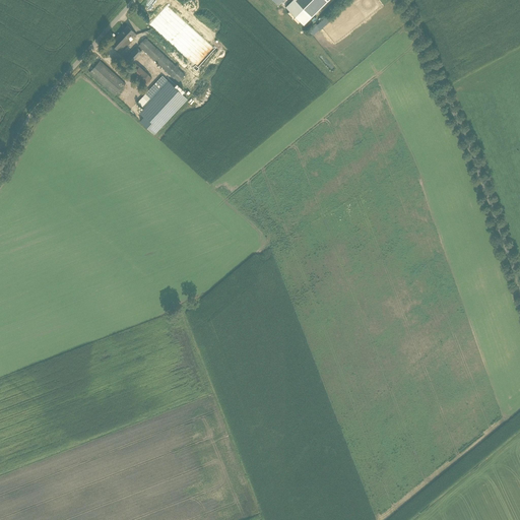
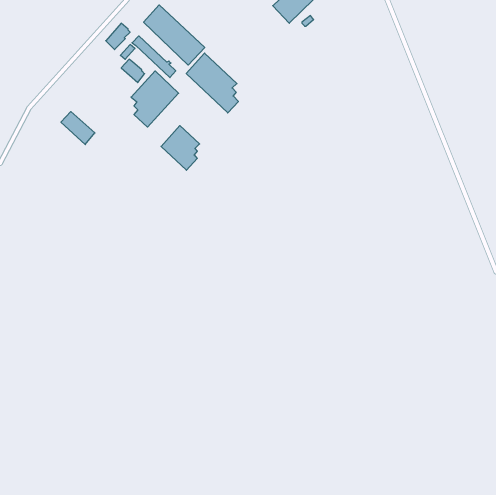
building: none -> [186,53,238,113]
building: [89,60,125,94] -> [61,112,95,145]
building: none -> [161,126,200,170]

